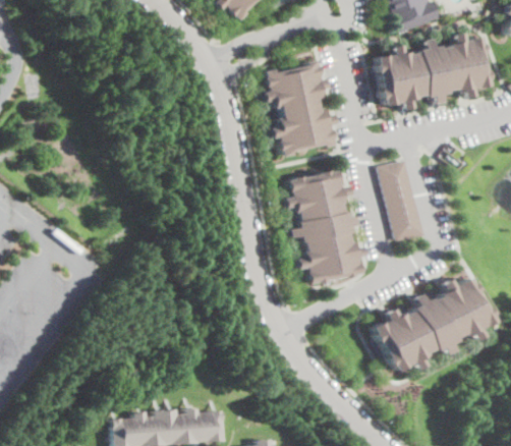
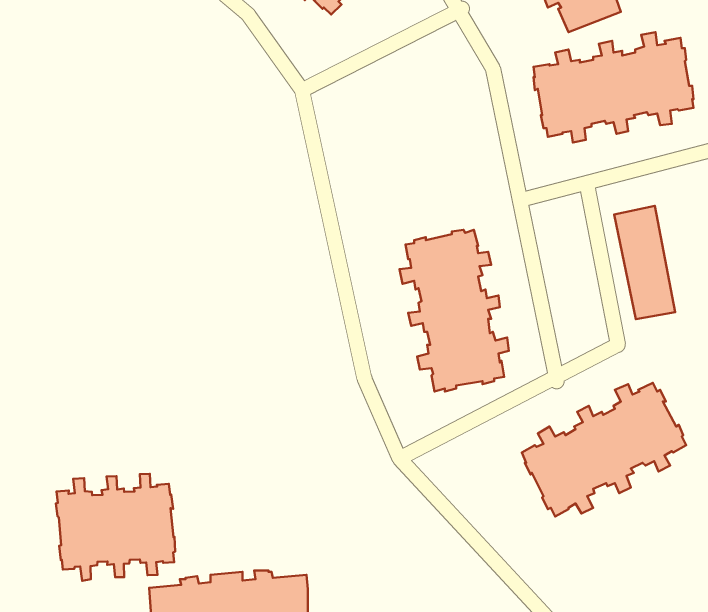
building: [263,60,336,157] -> none
building: [383,161,425,240] -> [614,206,675,319]
building: none -> [56,474,175,581]

